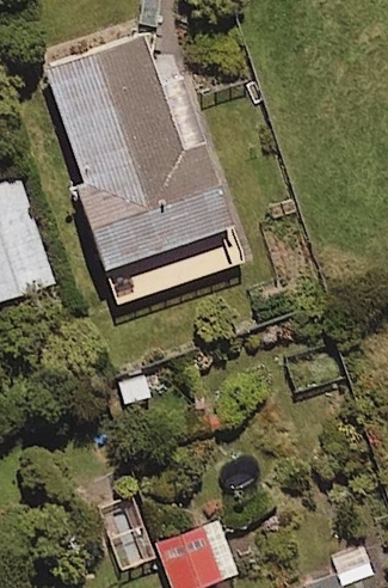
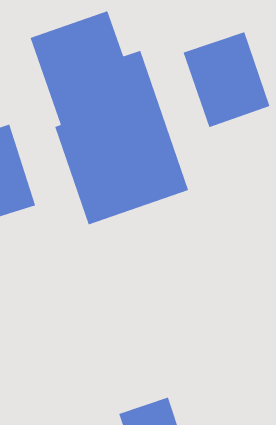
building: none -> [183,31,270,128]

